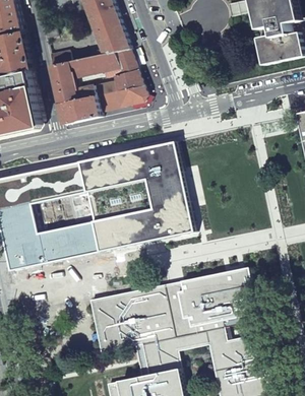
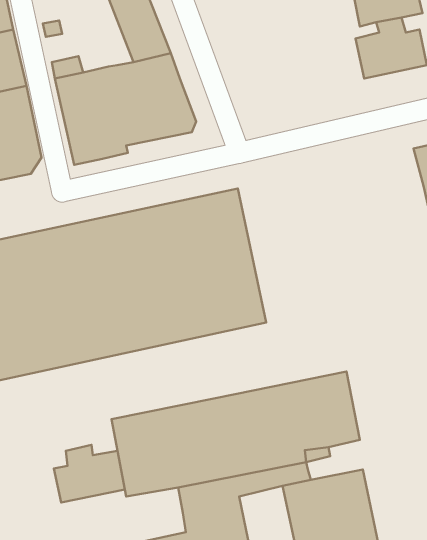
building: none -> [54,445,125,502]

